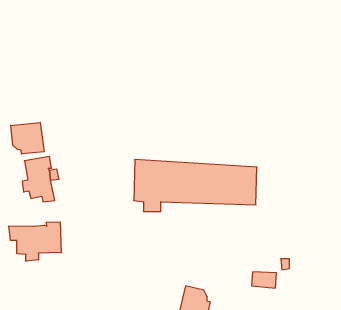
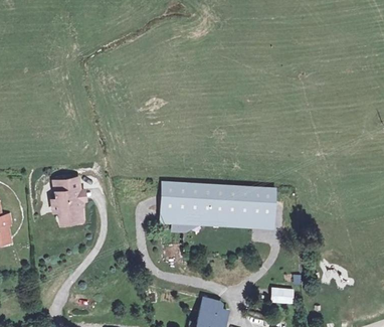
building: [11,122,44,154] -> none
building: [9,222,61,261] -> none

